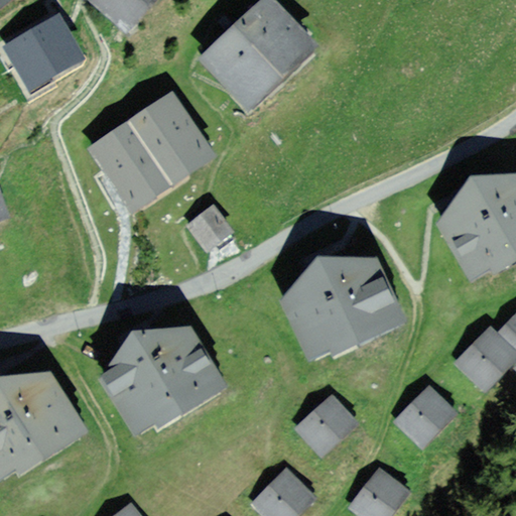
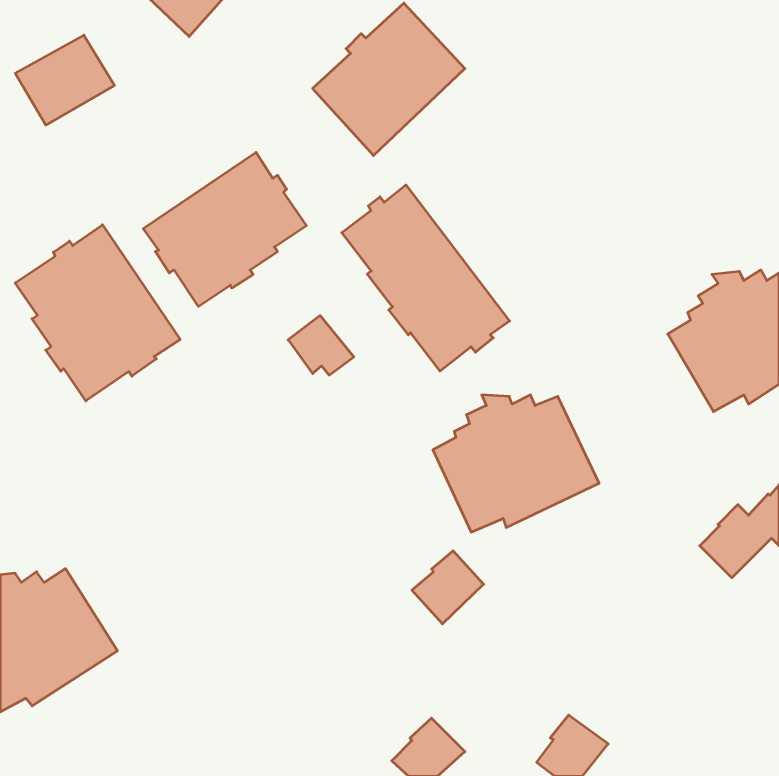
building: none -> [342,185,510,371]
building: none -> [15,225,180,401]
building: [105,331,217,426] -> none
building: [400,390,447,439] -> none
building: [300,399,348,447] -> [412,551,484,624]

